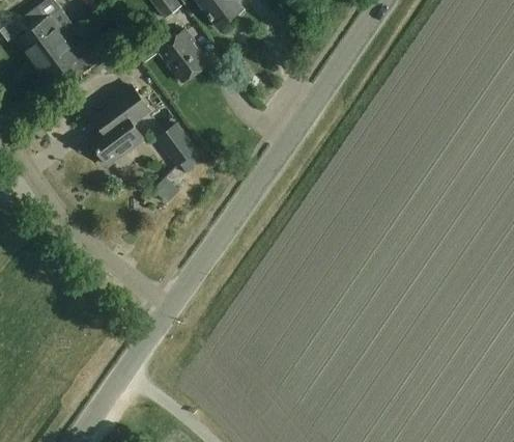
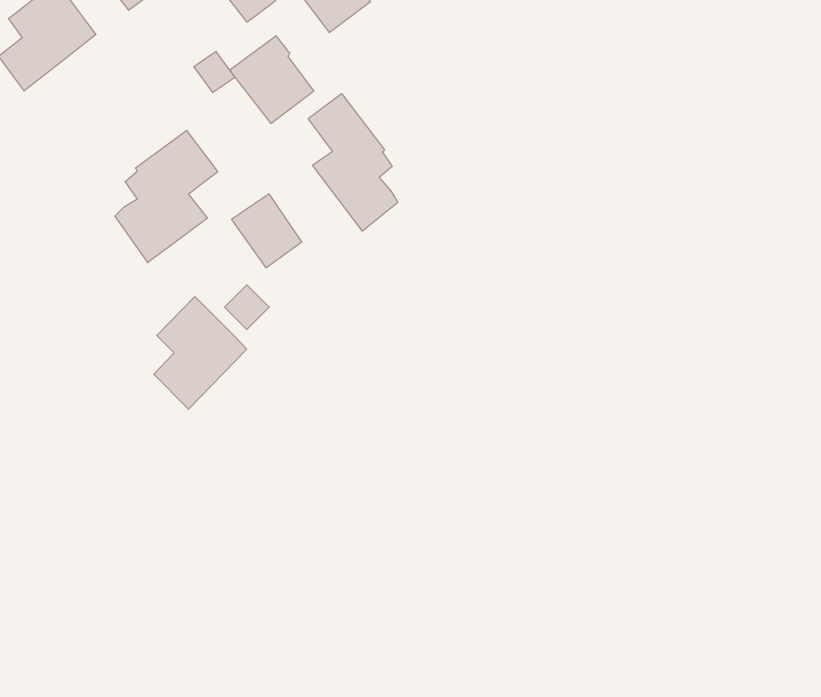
building: [31,35,101,82] -> none
building: none -> [308,94,398,231]
building: none -> [154,296,247,409]

